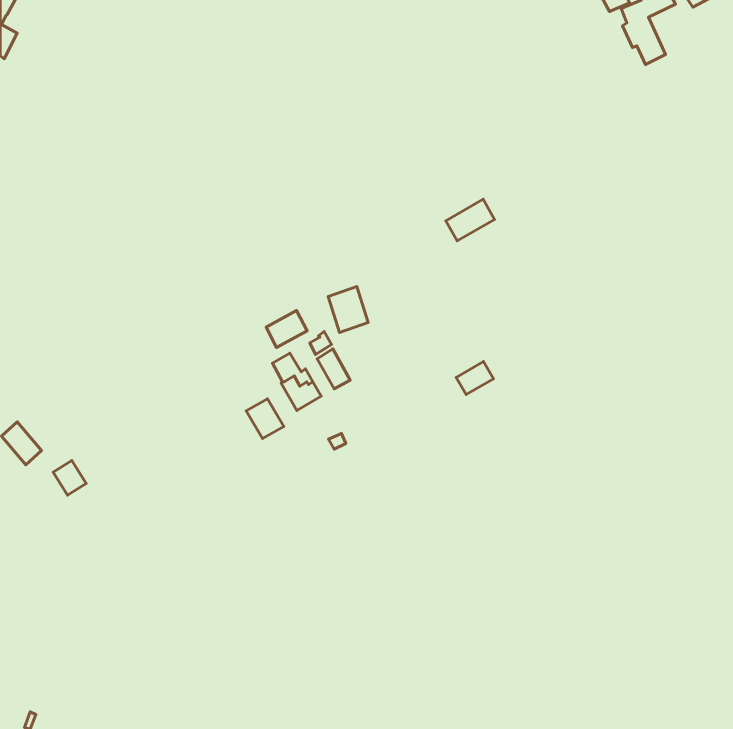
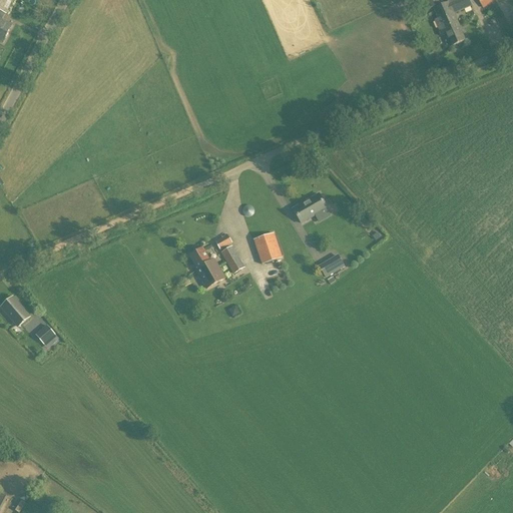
building: [446,199,494,241] -> [293,191,327,220]
building: [328,287,368,332] -> [253,230,282,263]
building: [266,310,307,348] -> none
building: [246,399,284,438] -> none

